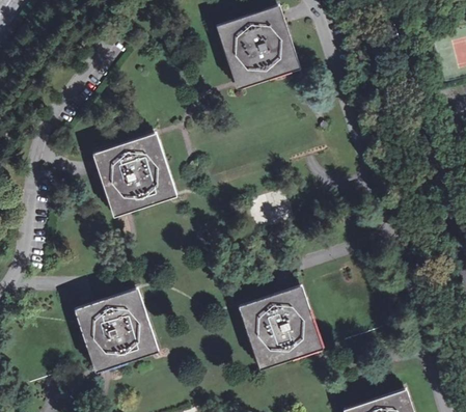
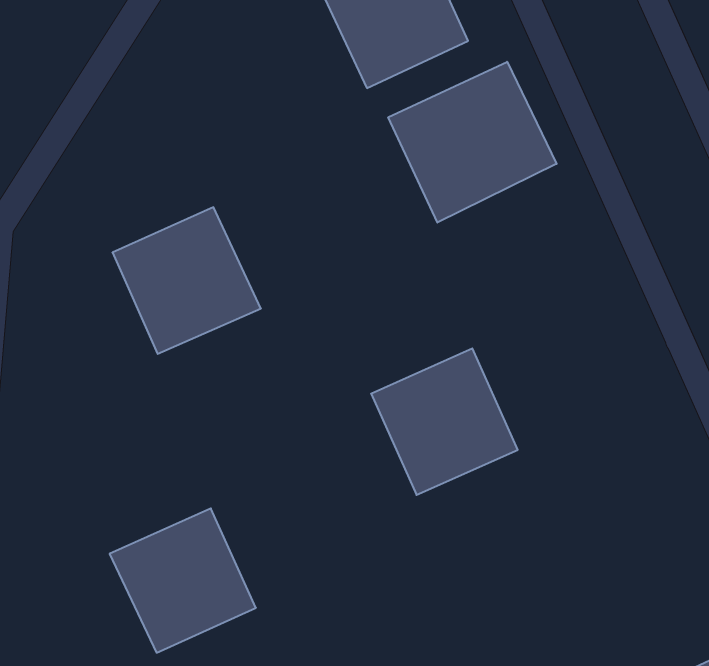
building: none -> [388,62,557,223]
building: [244,290,317,362] -> [371,348,518,495]

